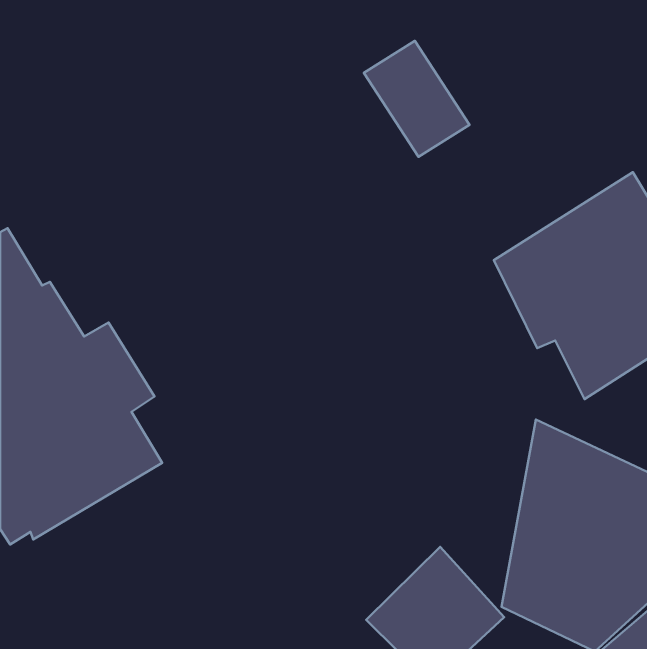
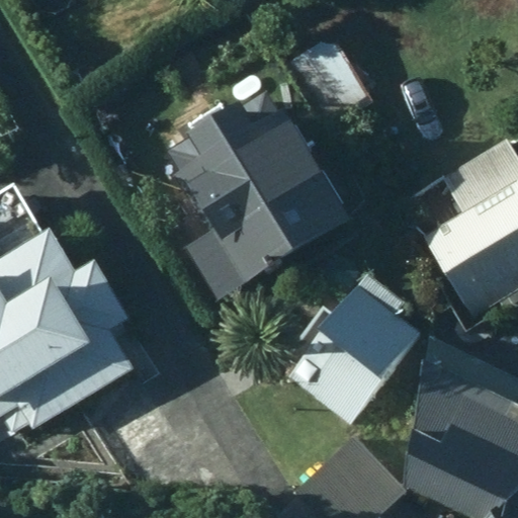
building: none -> [174,97,347,296]
building: none -> [285,275,420,425]

